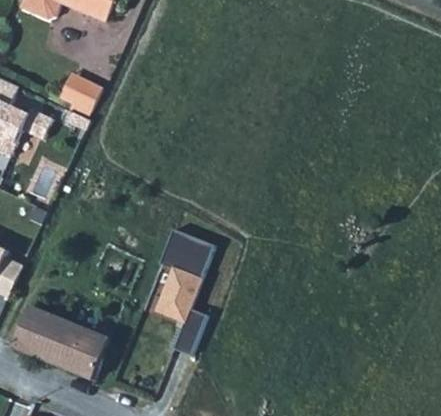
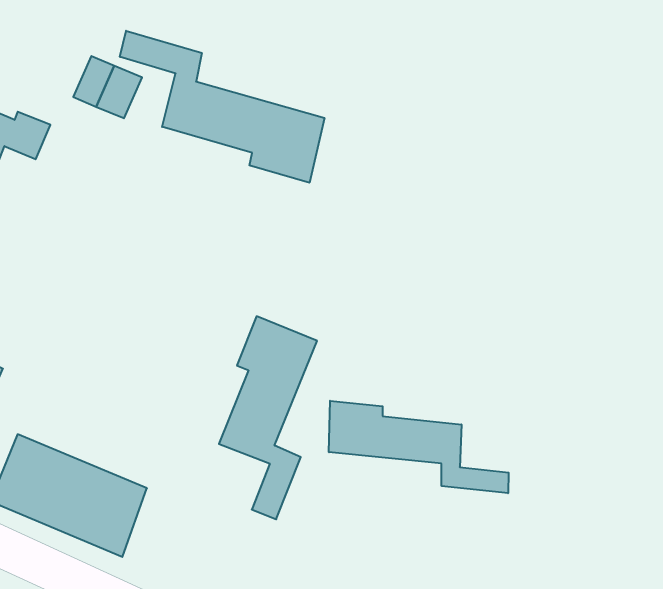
building: none -> [120,31,324,183]
building: none -> [329,401,509,493]

